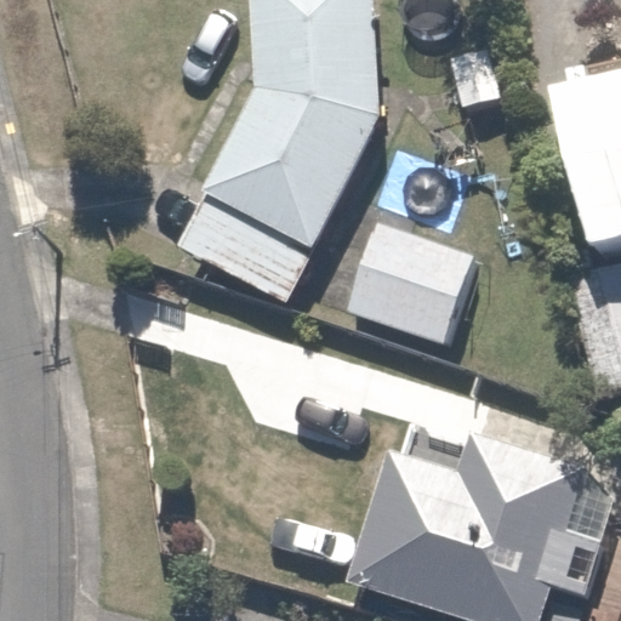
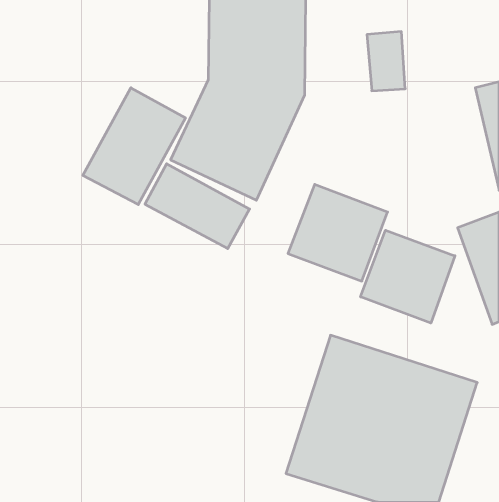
building: none -> [83,88,185,205]
building: none -> [361,230,455,323]

